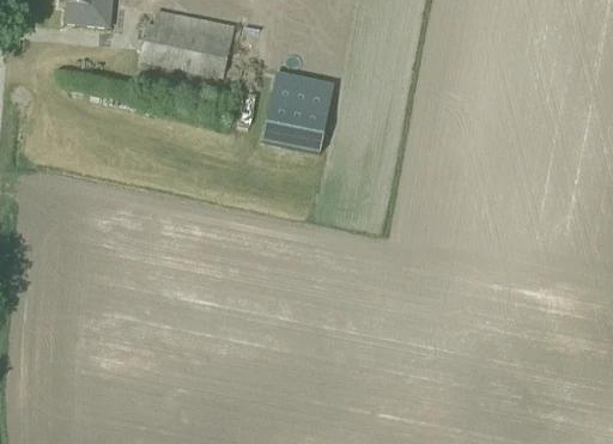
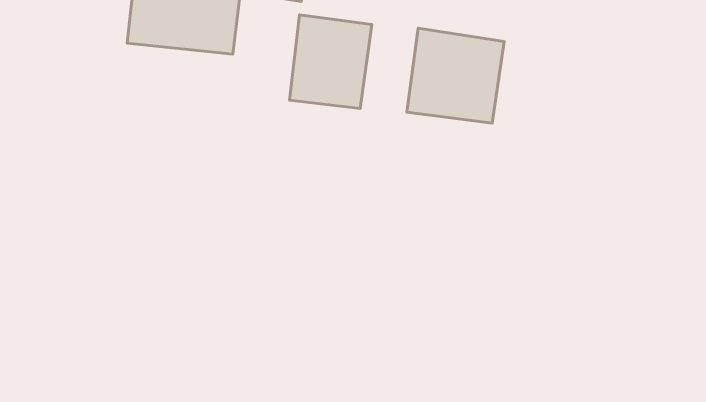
building: none -> [407,28,504,123]

